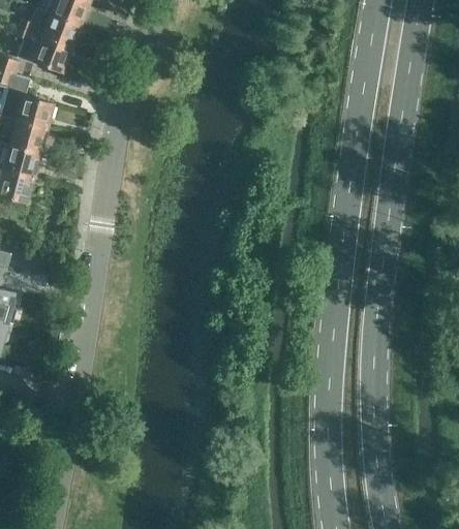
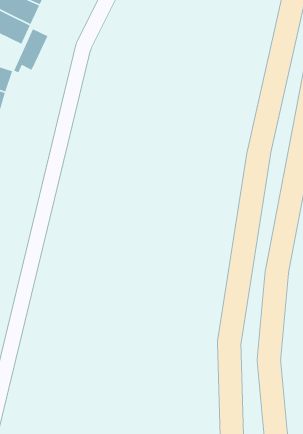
building: none -> [13,28,49,74]

